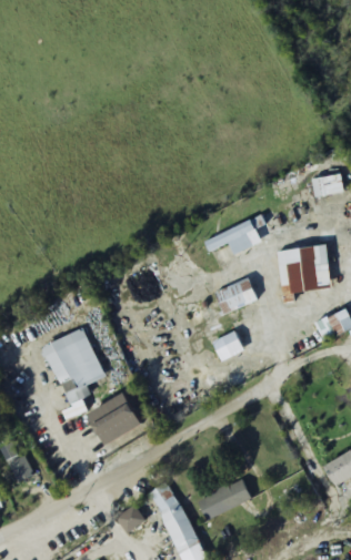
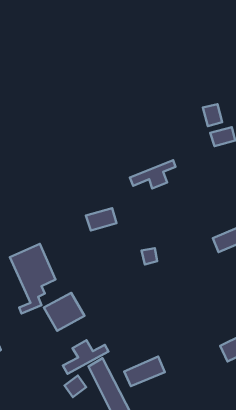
building: none -> [203,104,222,126]
building: [278,246,320,301] -> none
building: [215,281,257,310] -> [86,208,116,231]
building: none -> [63,340,109,374]

